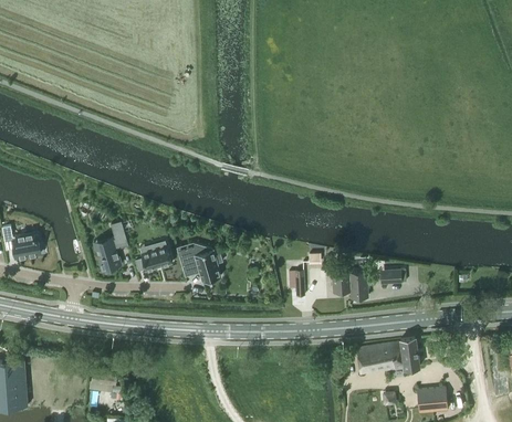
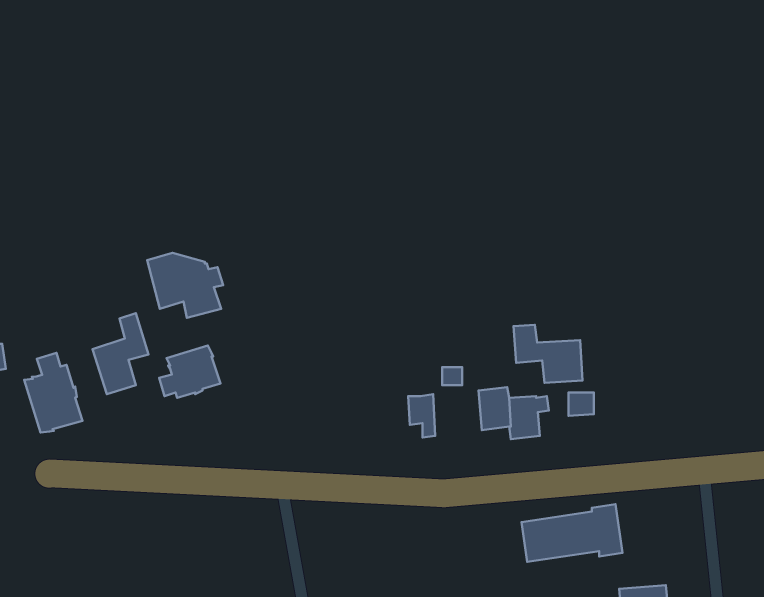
building: none -> [513,325,582,383]
building: [177,243,223,283] -> [147,253,223,318]
building: none -> [24,353,82,432]

